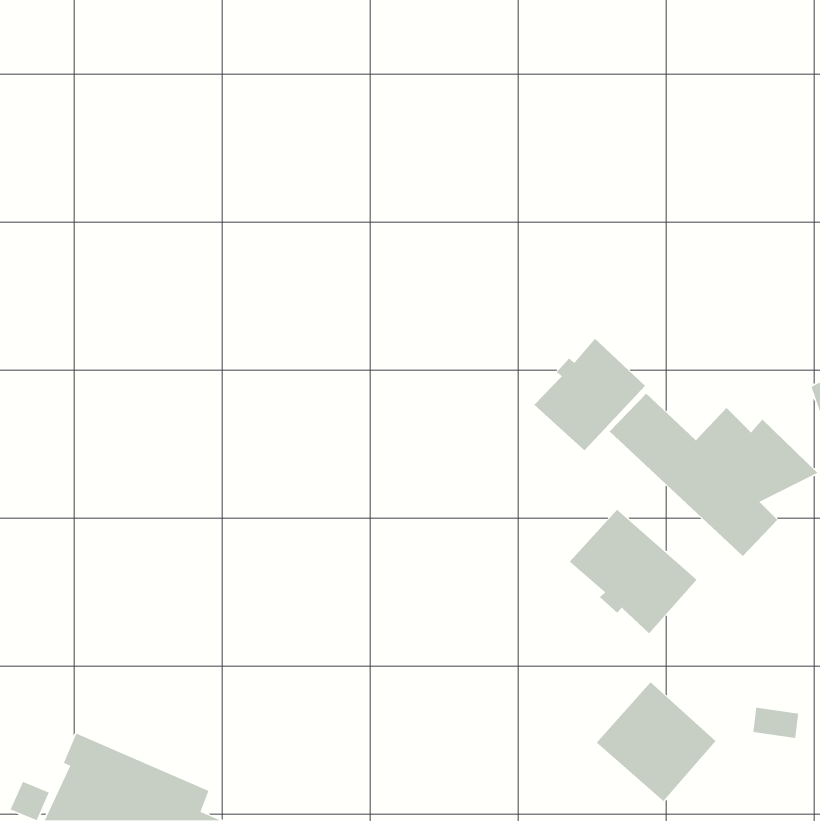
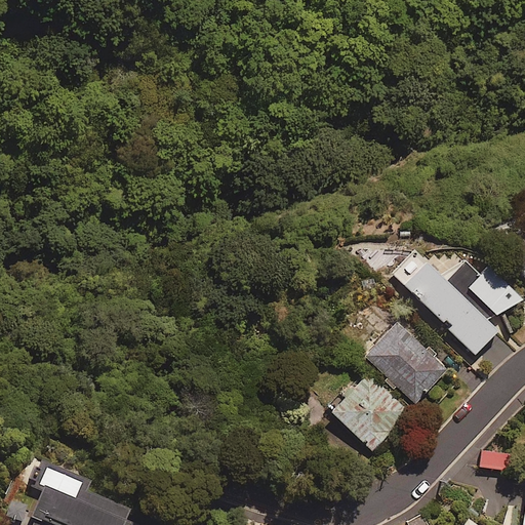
building: [533,338,646,451] -> none
building: [596,682,717,802] -> [330,373,407,450]

